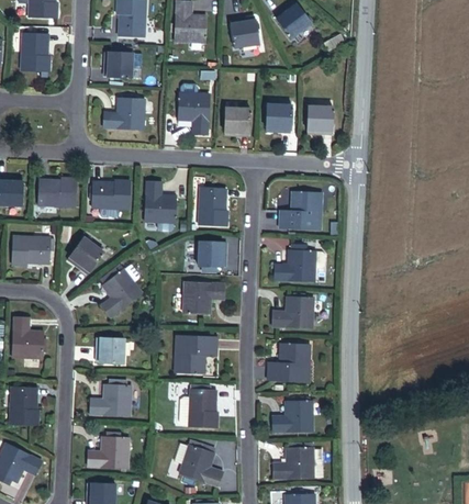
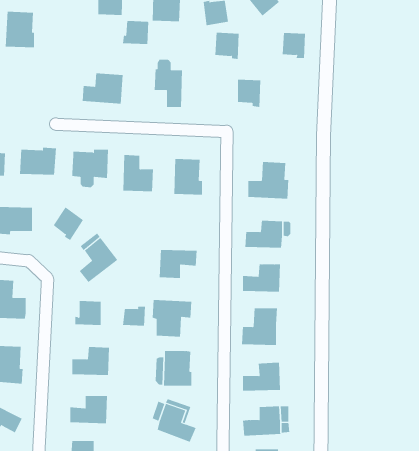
building: [104,53,133,78] -> [122,21,149,45]
building: [308,107,333,134] -> [282,33,306,59]
building: [224,109,250,137] -> [215,32,240,59]
building: [198,243,226,268] -> none
building: none -> [123,306,146,326]

